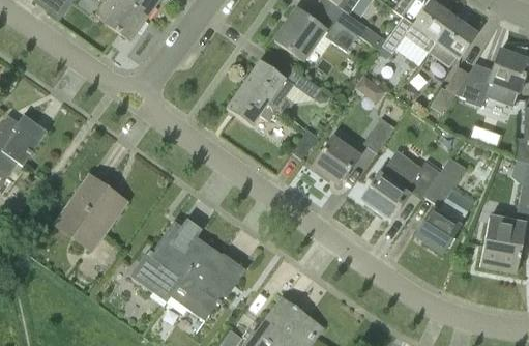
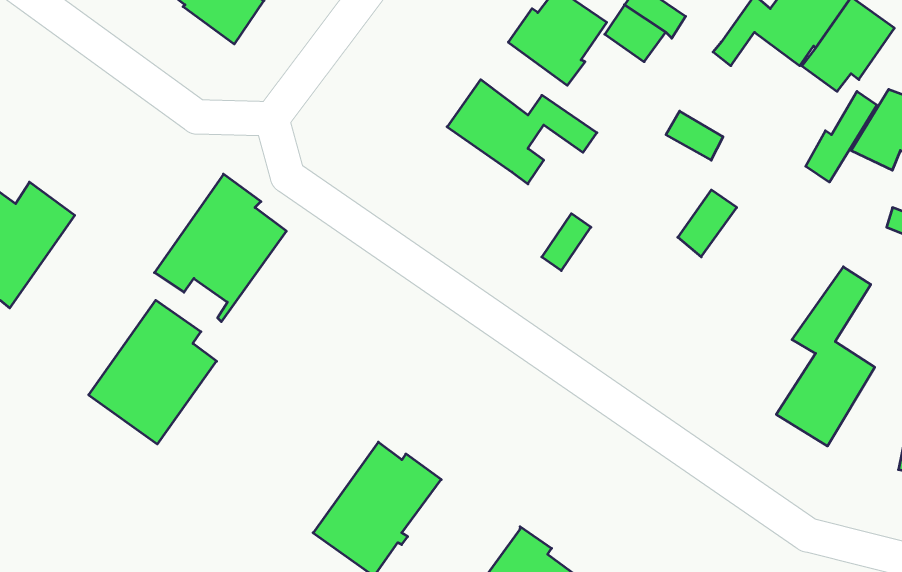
building: [226,85,276,126] -> none
building: [313,136,359,183] -> none
building: [361,158,450,220] -> none
building: [137,221,206,298] -> [154,174,286,322]

